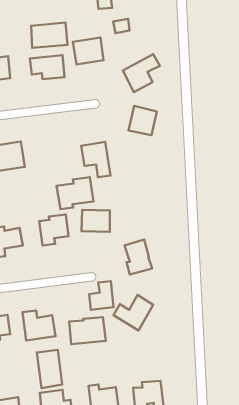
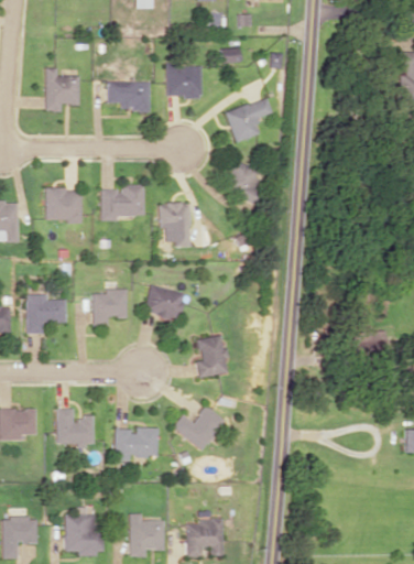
building: [31,23,68,48] -> none
building: [57,177,94,209] -> [100,184,145,220]
building: [89,281,114,310] -> none
building: [37,350,62,388] -> none

